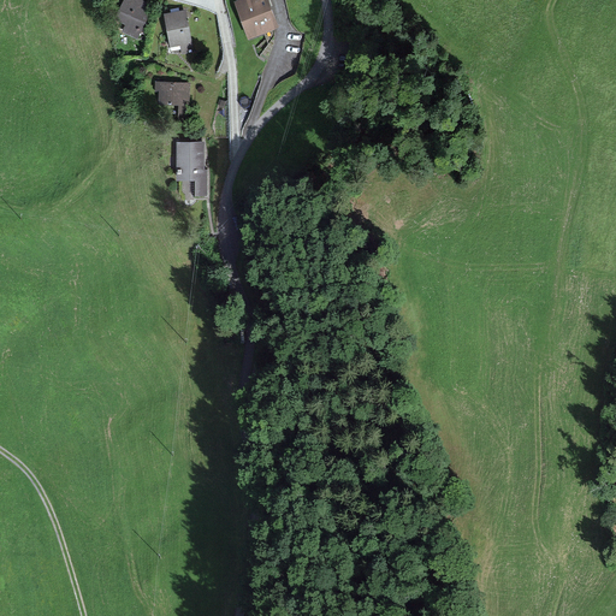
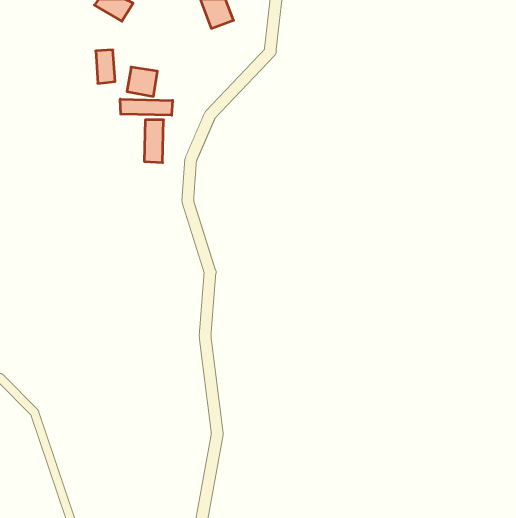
building: [166,10,189,49] -> [96,50,115,83]
building: none -> [120,99,173,115]

